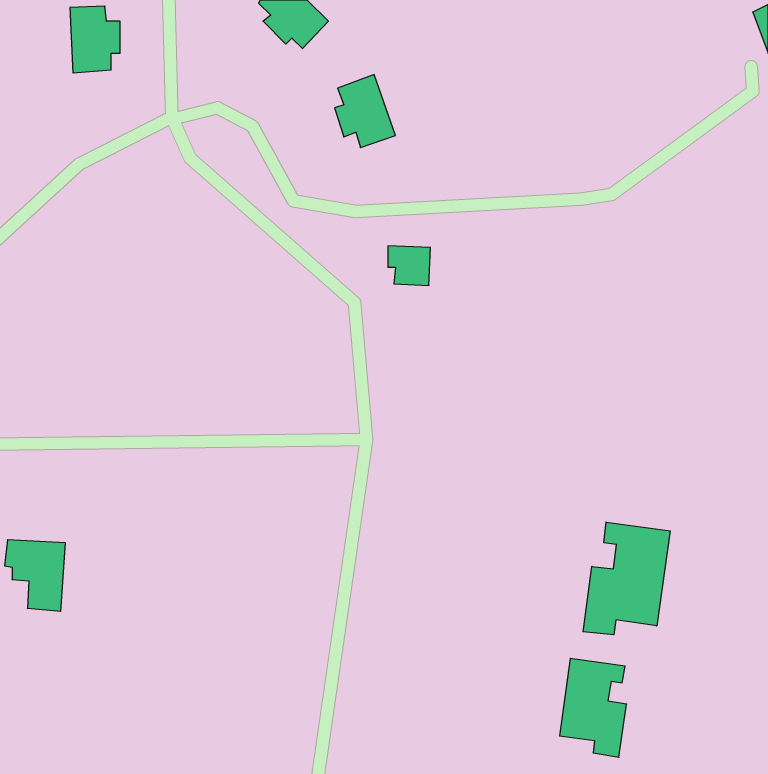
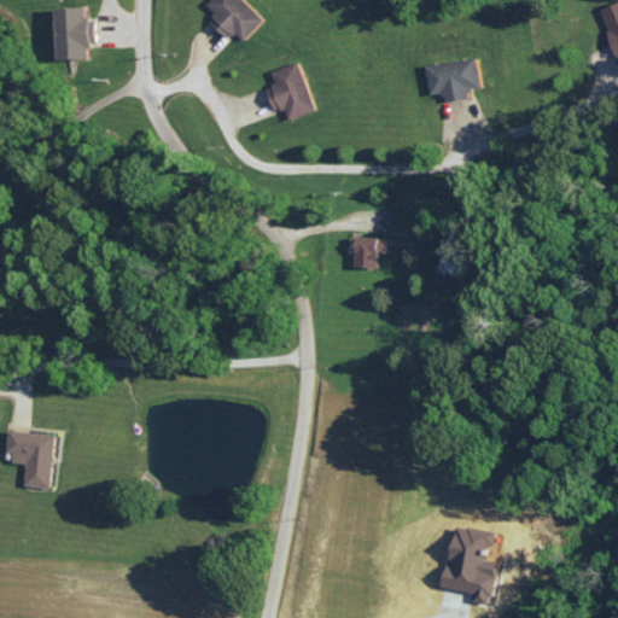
building: none -> [425,58,479,101]
building: [388,246,430,285] -> [346,237,380,268]
building: [583,522,670,635] -> none

